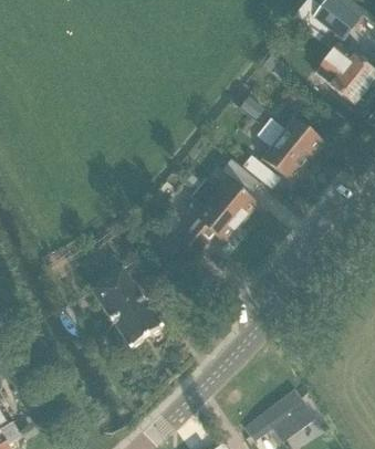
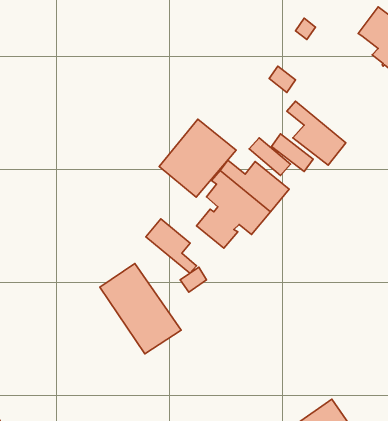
building: [264,117,325,163] -> none
building: none -> [159,119,236,197]
building: none -> [146,219,197,273]

